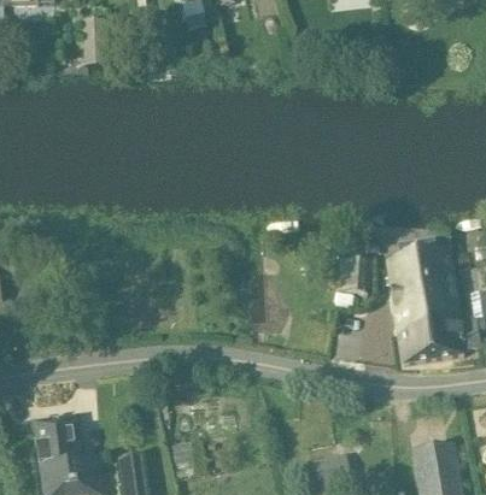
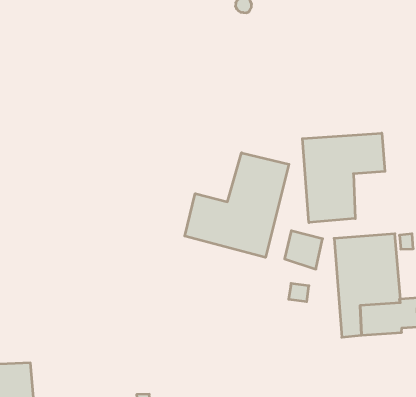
building: none -> [302,133,385,223]
building: none -> [185,153,289,257]

